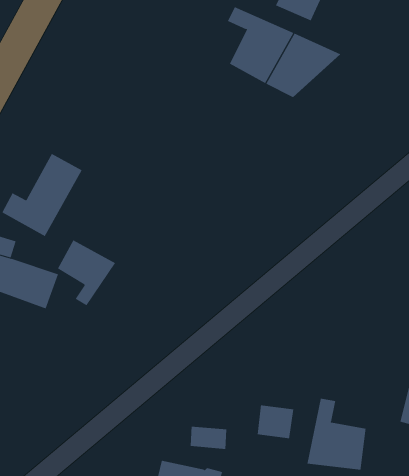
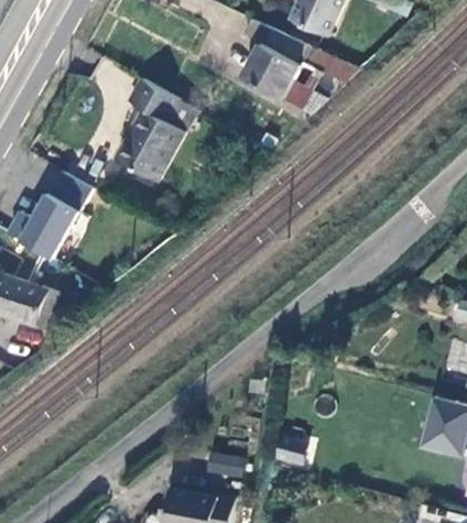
building: none -> [116,78,183,182]
building: [57,240,116,306] -> none
building: [307,398,366,471] -> none

